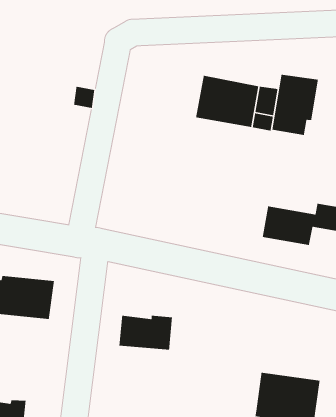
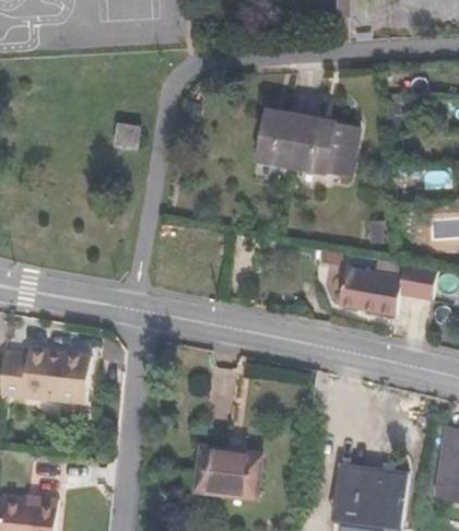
building: [271,74,319,136] -> none
building: [119,315,173,351] -> [197,452,261,495]

